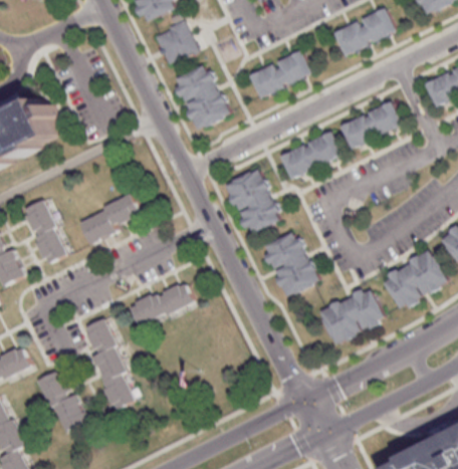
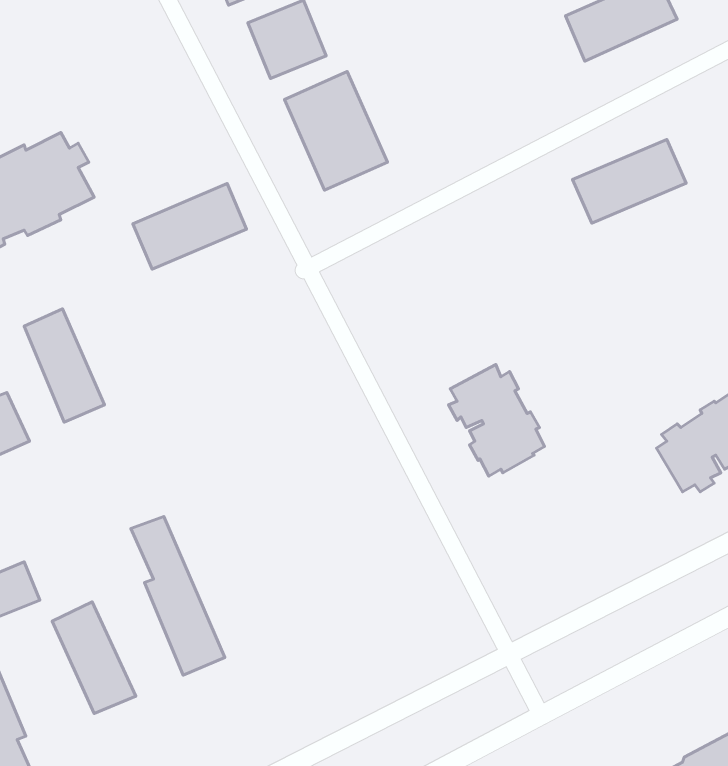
building: [247,50,311,98] -> none
building: [277,132,341,180] -> none
building: [225,166,281,229] -> none
building: [76,193,142,242] -> [133,184,246,269]
building: [128,279,193,325] -> none
building: [320,286,385,340] -> none

